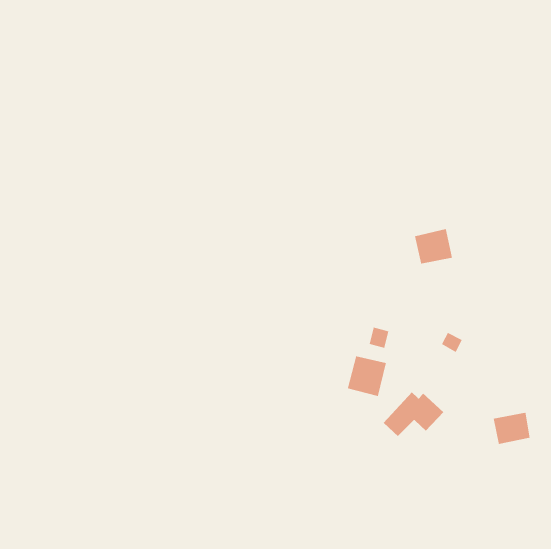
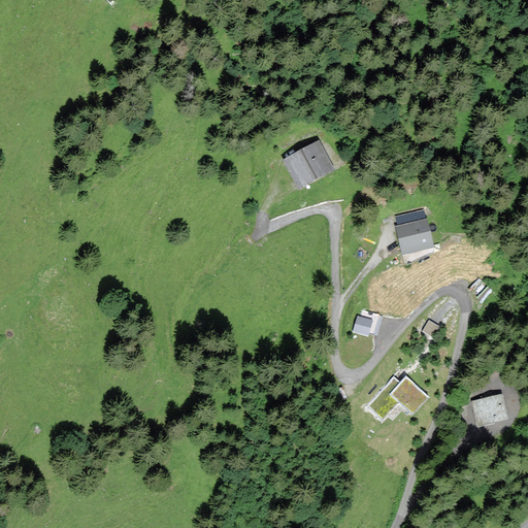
building: none -> [283,138,335,189]
building: [347,355,387,397] -> none

